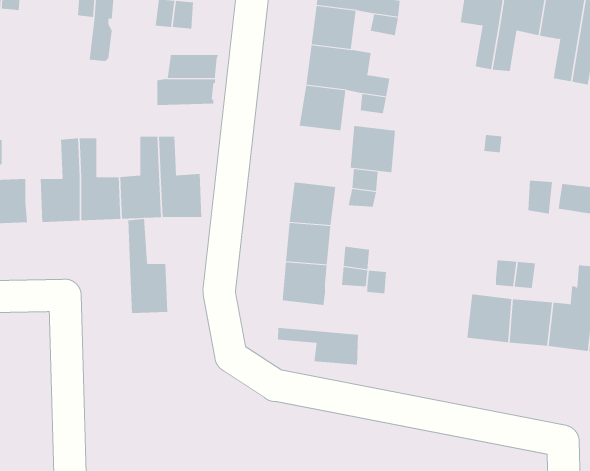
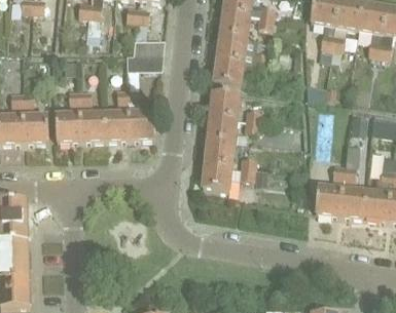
building: [350,125,396,173] -> [210,92,238,121]
building: [128,218,168,314] -> none
building: [277,327,359,365] -> none

